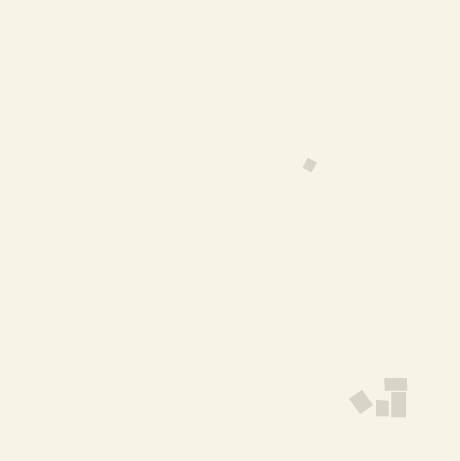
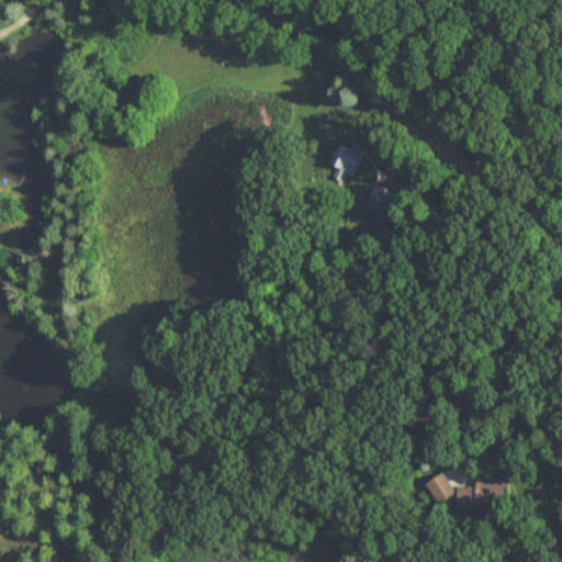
building: none -> [333,142,364,175]
building: [384,377,408,392] -> none

